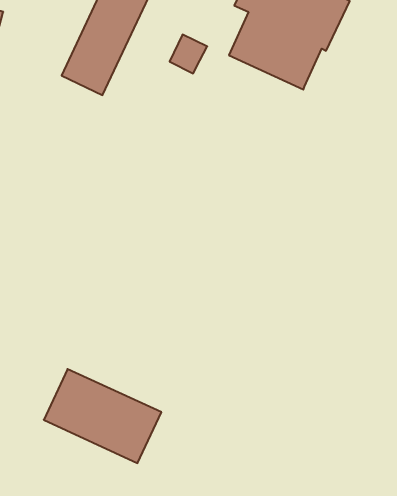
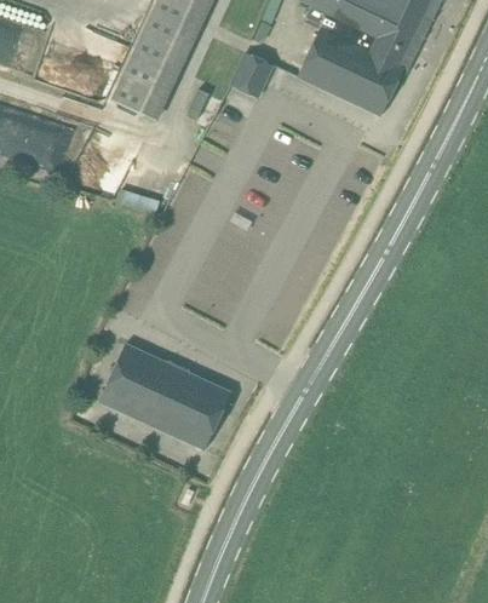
building: [44,369,161,463] -> [92,340,224,446]

